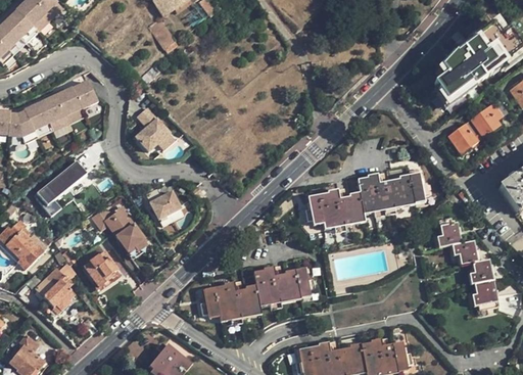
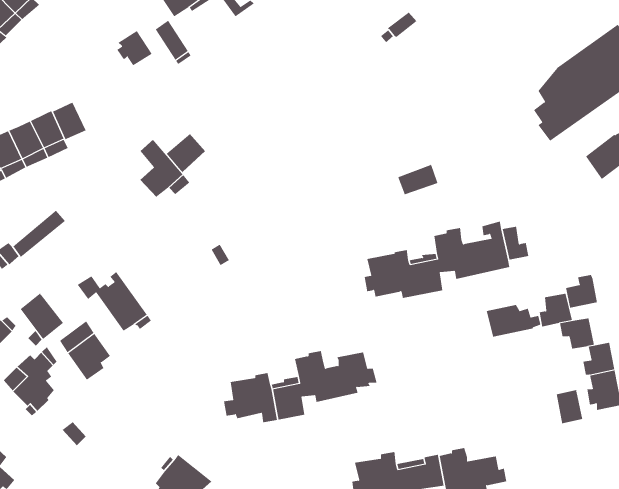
building: none -> [116,30,152,66]
building: none -> [166,133,206,173]
building: [448,121,486,153] -> none
building: none -> [397,163,438,195]
building: [149,190,182,221] -> none
building: none -> [565,274,598,308]
building: none -> [20,292,64,340]
building: none -> [486,304,541,337]
building: none -> [556,389,583,424]

